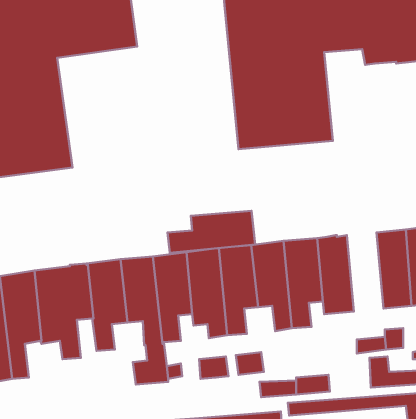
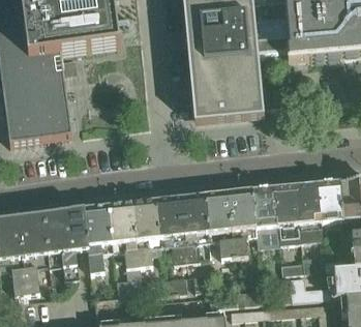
building: [167,211,255,253] -> none
building: none -> [274,183,301,241]

